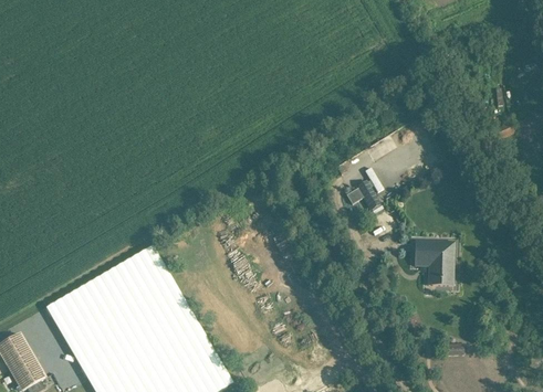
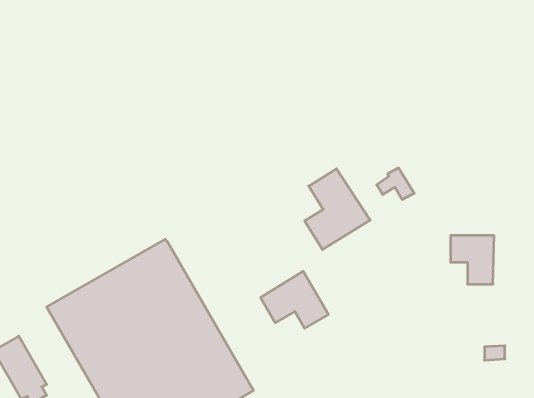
building: none -> [305,169,370,250]
building: none -> [261,271,328,328]

